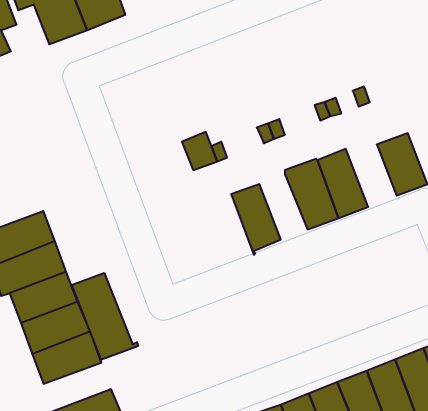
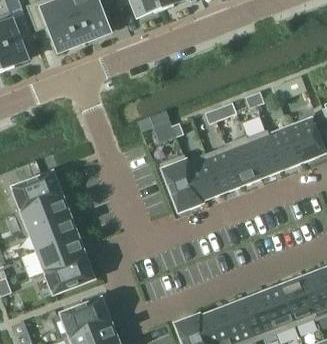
building: none -> [269,124,303,168]
building: none -> [206,145,240,191]
building: none -> [159,153,202,211]
building: [72,273,138,360] -> none

